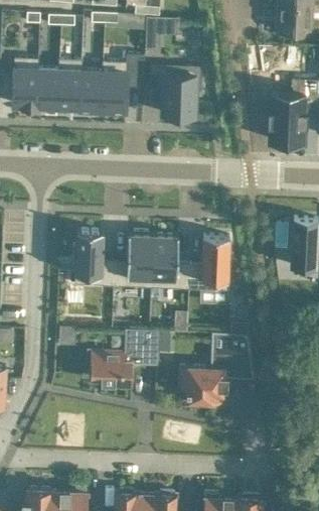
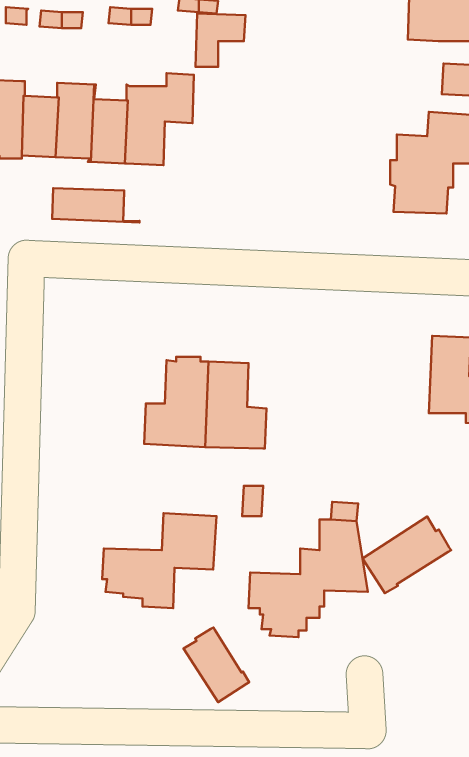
building: [149,66,200,116] -> none
building: none -> [52,188,140,222]
building: [72,231,114,286] -> none
building: [188,236,231,291] -> none
building: none -> [362,516,451,593]
building: none -> [183,627,249,702]

